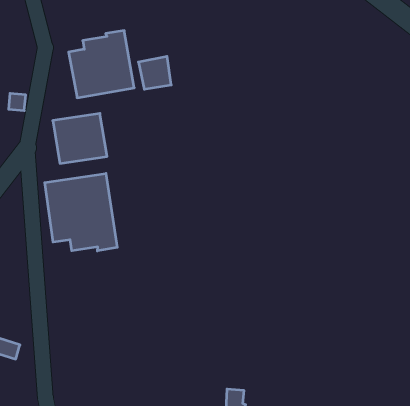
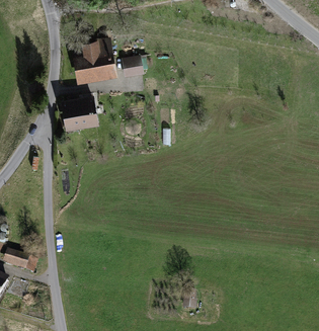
building: [45,173,117,251] -> none

